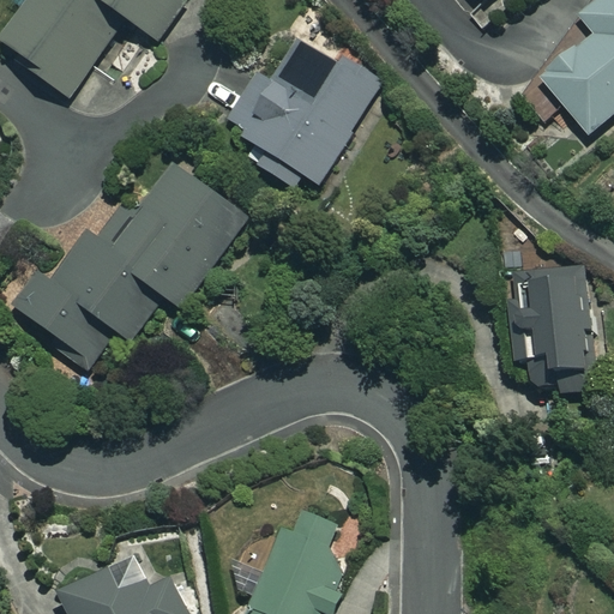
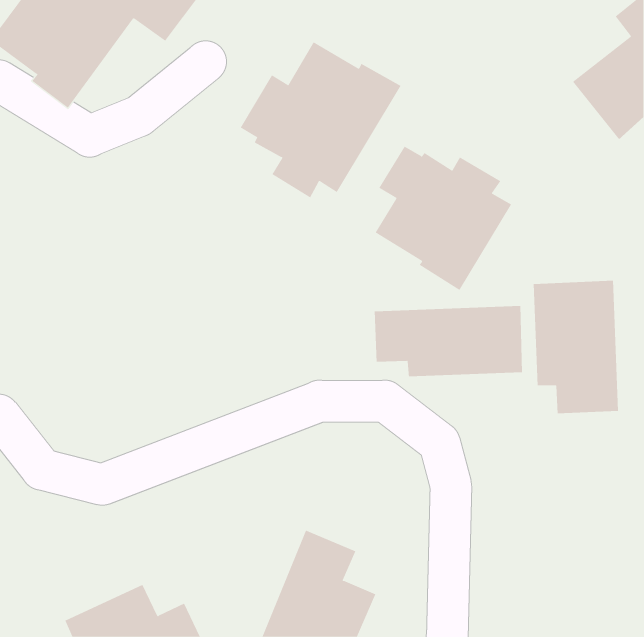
building: none -> [375,146,512,291]
building: [16,162,249,366] -> none
building: none -> [374,305,523,377]

